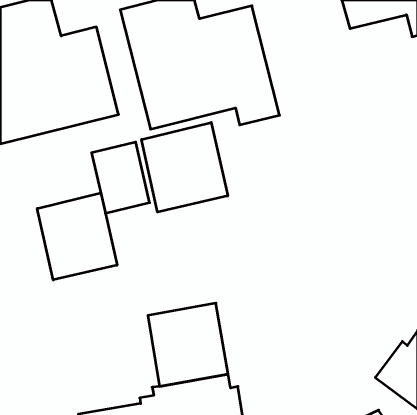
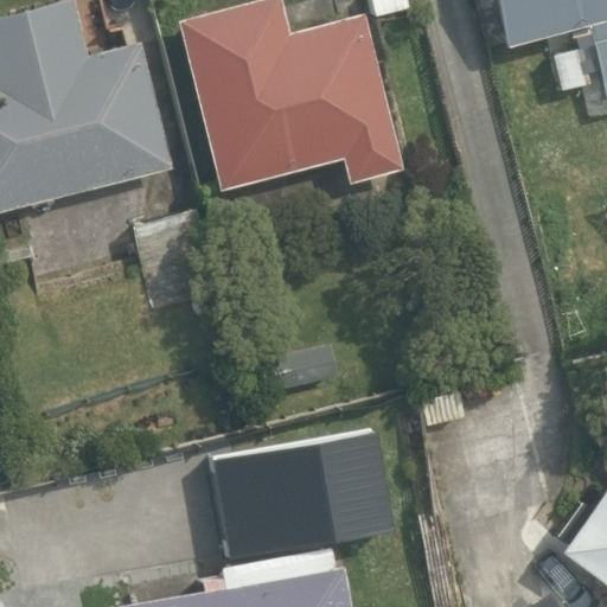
building: [142,122,228,212] -> none
building: [37,193,117,280] -> none

